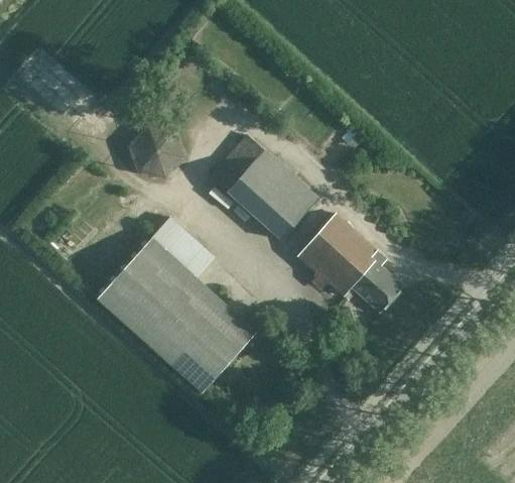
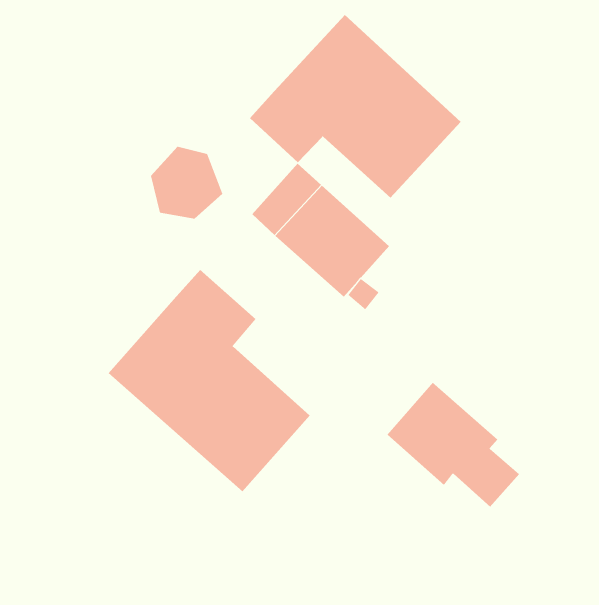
building: none -> [249,14,462,199]
building: [298,214,403,313] -> [386,382,520,508]

